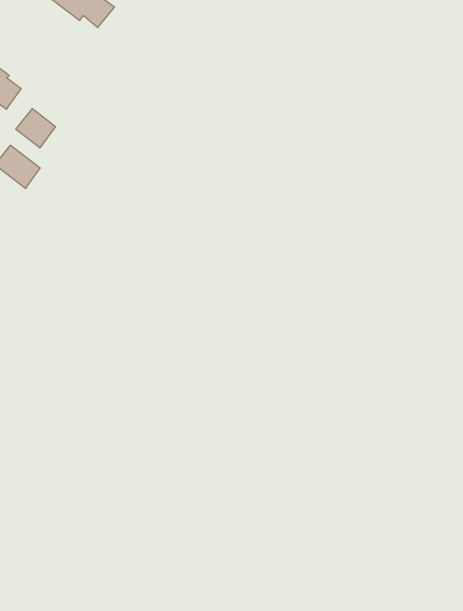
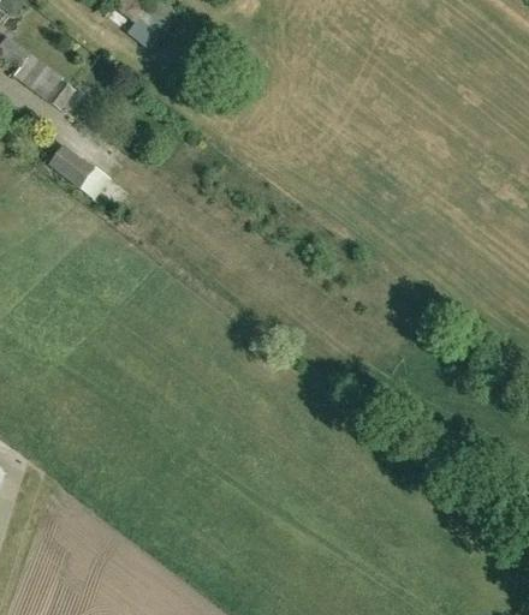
building: [16,109,55,148] -> none

